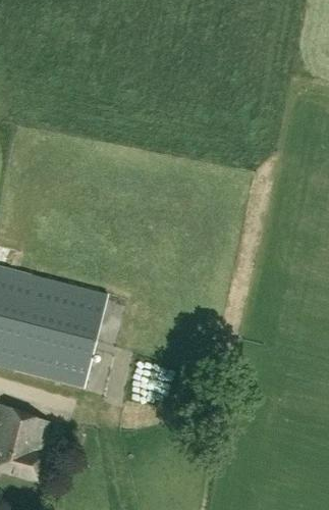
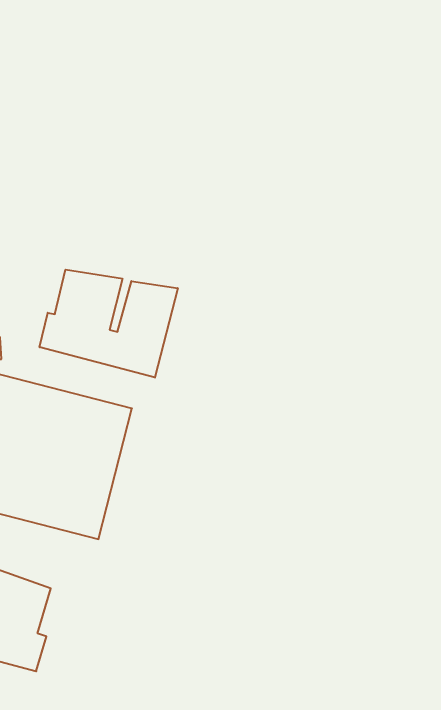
building: none -> [40,270,178,378]

